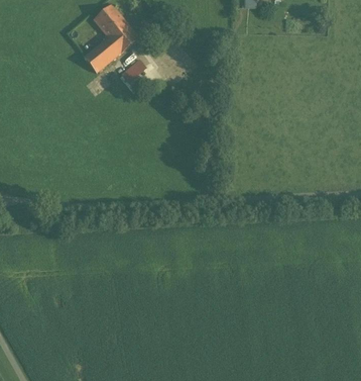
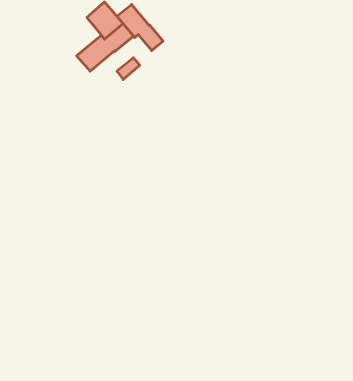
building: none -> [117,4,163,51]

